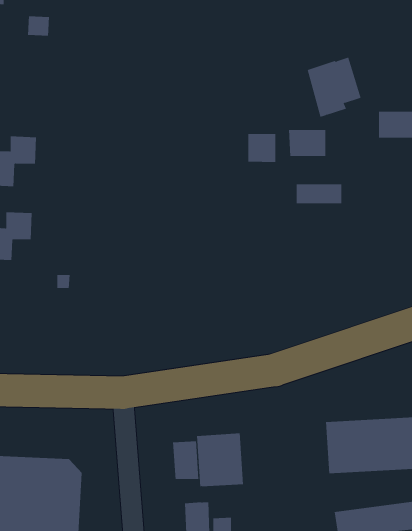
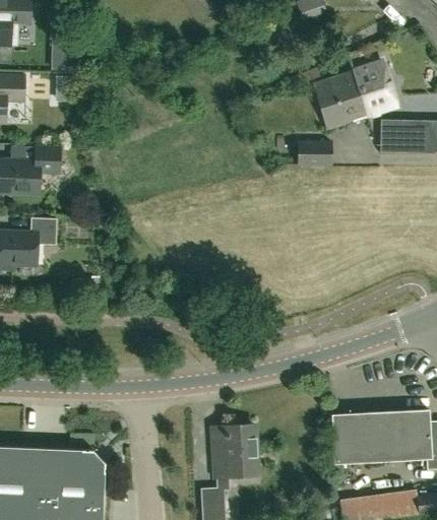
building: none -> [353,62,397,116]
building: [248,133,276,163] -> none
building: [296,184,342,204] -> none
building: [173,440,199,480] -> none

